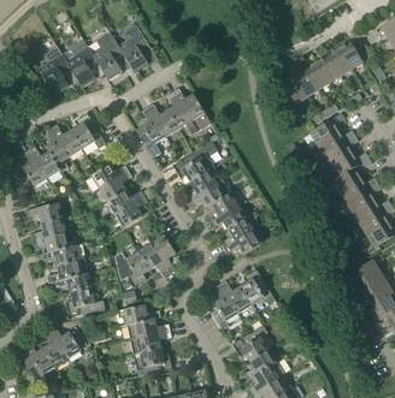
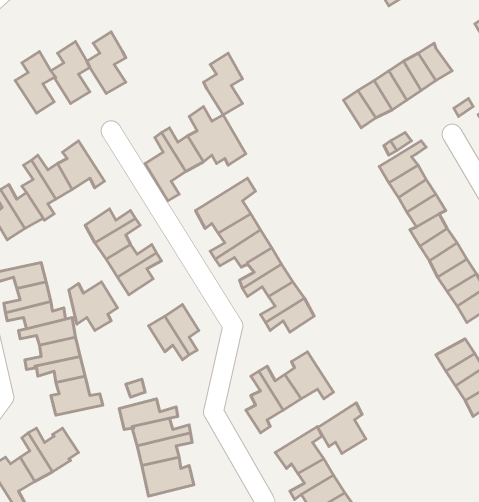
building: [119,25,148,71] -> [204,53,243,115]
building: [114,250,151,286] -> [69,282,118,331]
building: none -> [318,403,366,454]

